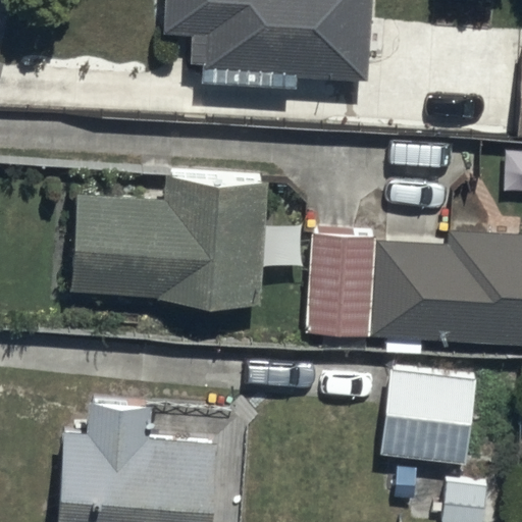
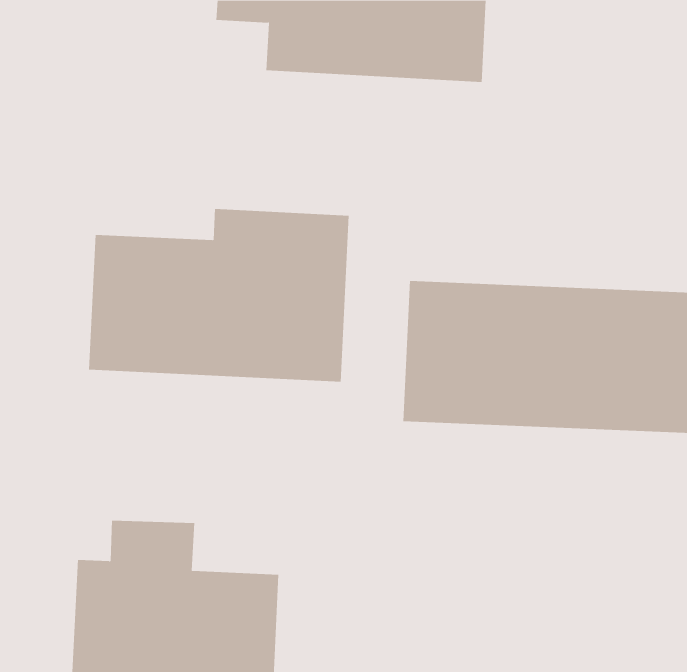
building: [384,379,473,468] -> none

